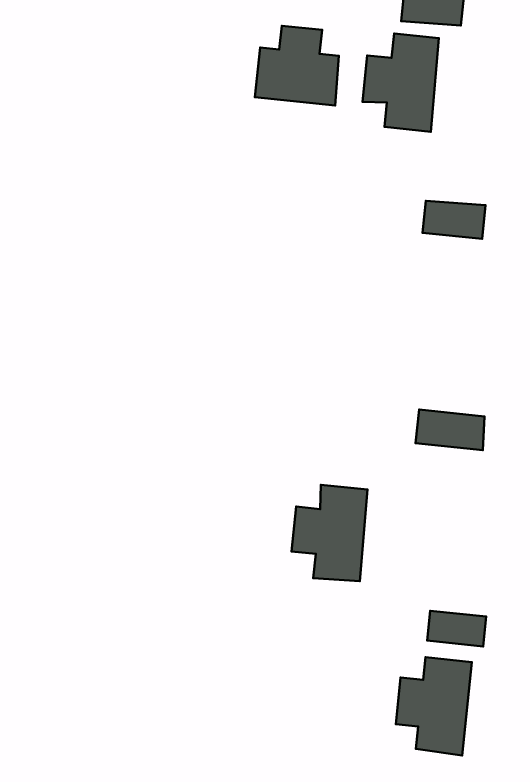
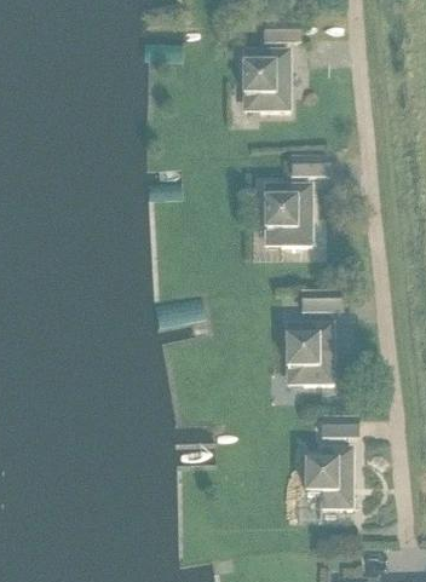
building: [255,26,339,106] -> none
building: none -> [265,186,310,247]
building: [291,485,368,581] -> [287,325,333,386]

